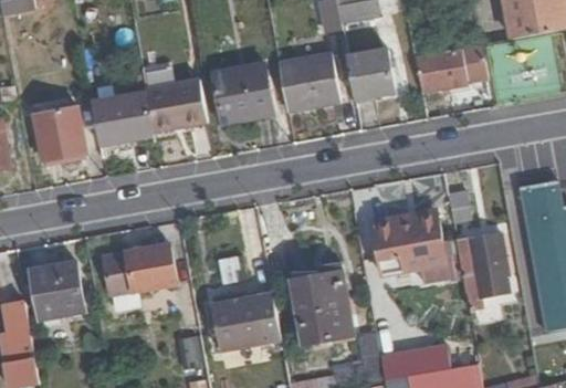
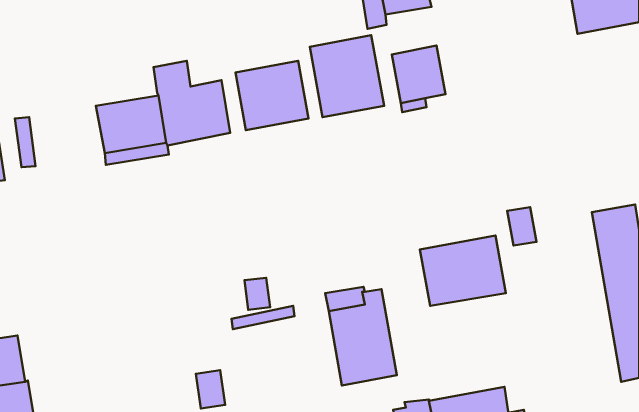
building: [412,45,484,96] -> none
building: [40,105,92,162] -> none
building: [454,232,510,314] -> none
building: [99,241,176,292] -> none
building: [30,261,85,321] -> none
building: [211,292,281,349] -> none

